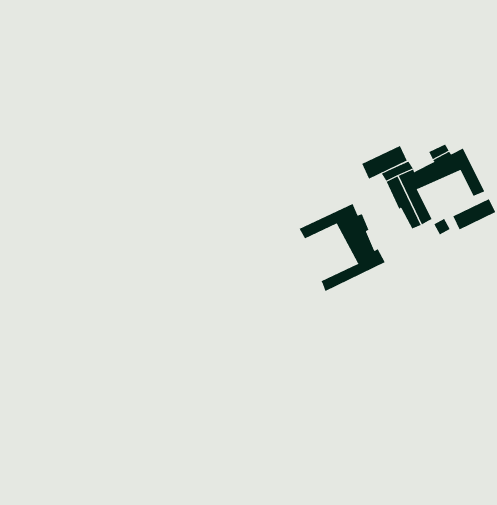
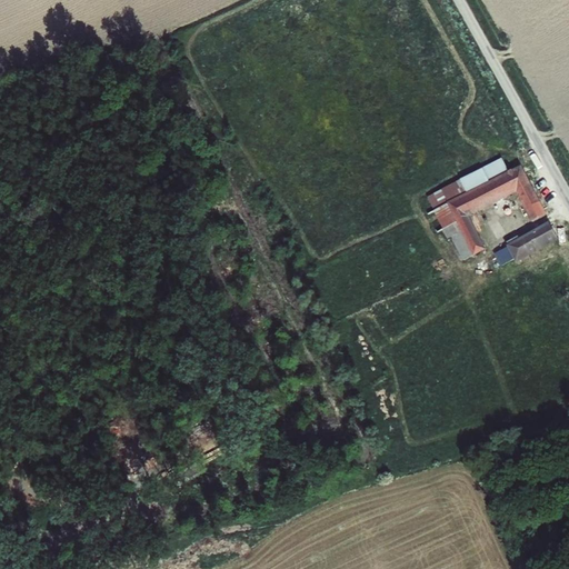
building: [361,145,408,179] -> none
building: [299,203,386,292] -> none

